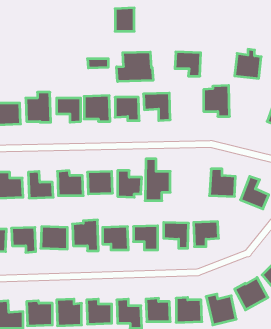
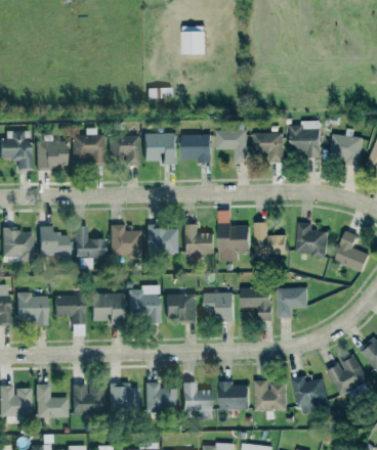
building: [235,49,261,78] -> [331,129,364,165]
building: [175,52,201,76] -> [254,133,286,163]
building: [117,52,153,82] -> none
building: none -> [255,223,287,256]

